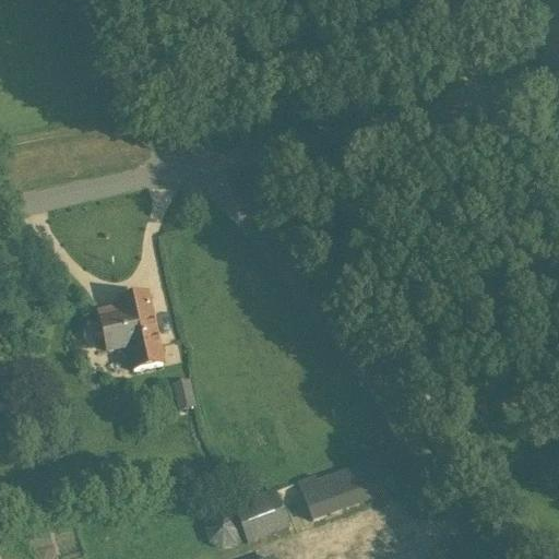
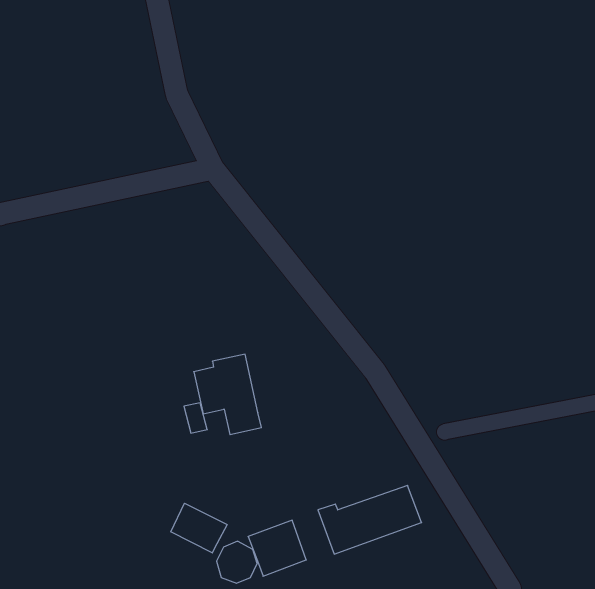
building: [99,293,163,368] -> [194,354,261,435]
building: none -> [171,503,227,553]

